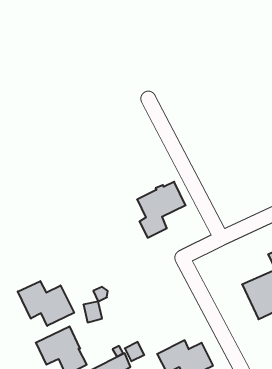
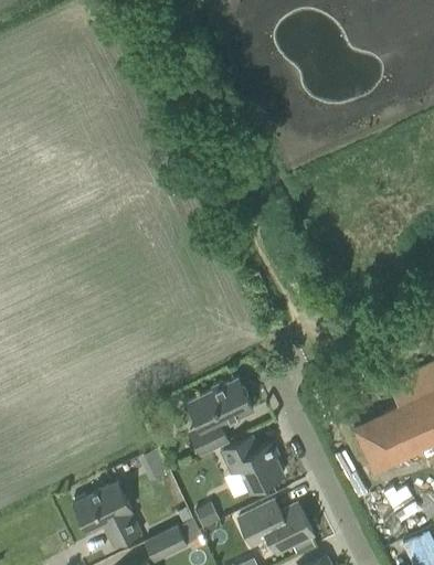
building: [137,182,186,238] -> [187,380,253,456]
building: [18,281,74,326] -> none
building: none -> [220,437,284,492]

